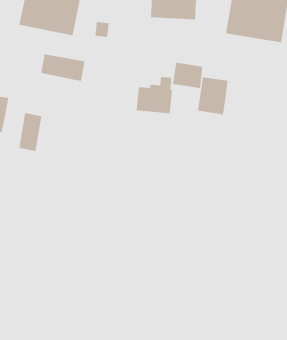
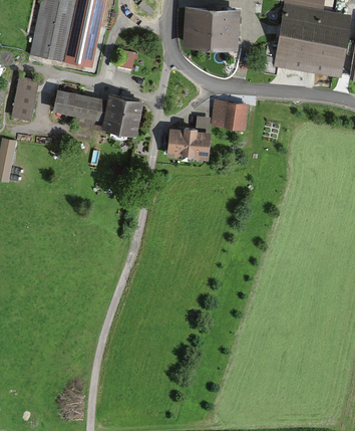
building: none -> [102,94,144,136]
building: [198,76,228,115] -> none
building: [18,113,42,152] -> [11,76,39,123]

